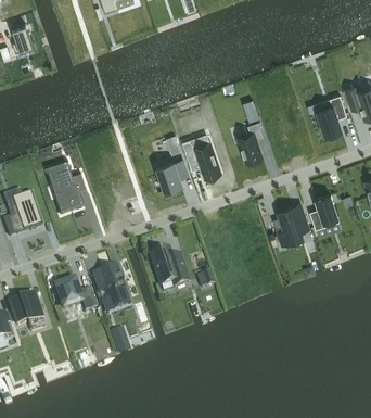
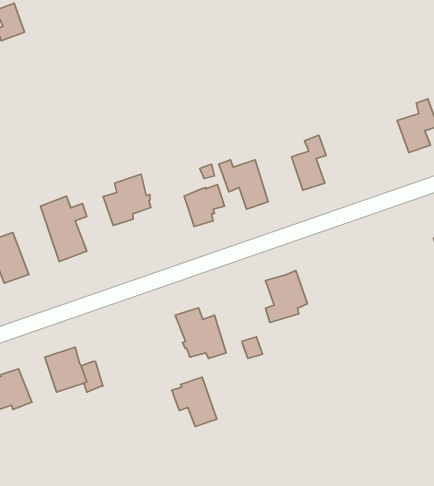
building: none -> [103,174,151,226]
building: [309,191,338,223] -> none
building: [277,201,308,240] -> [265,270,308,323]
building: [93,265,127,302] -> [172,377,217,426]

